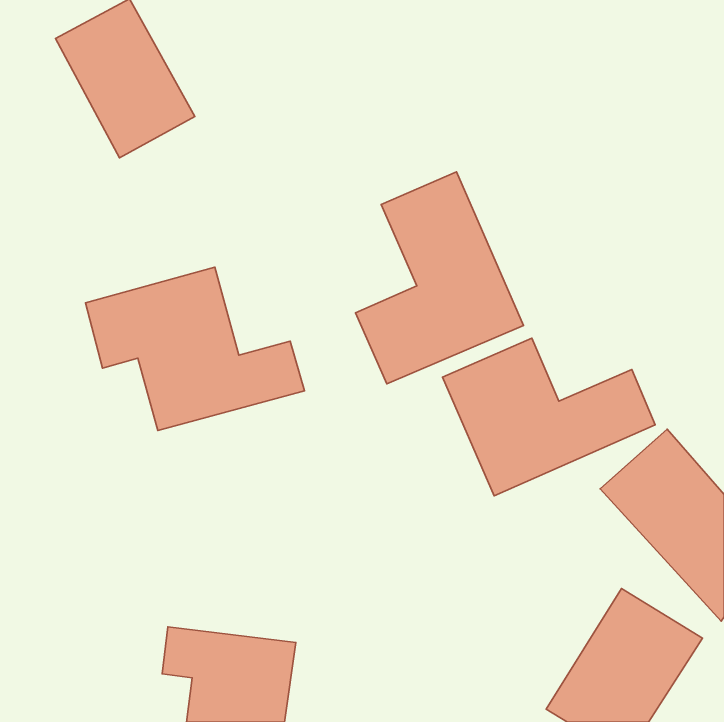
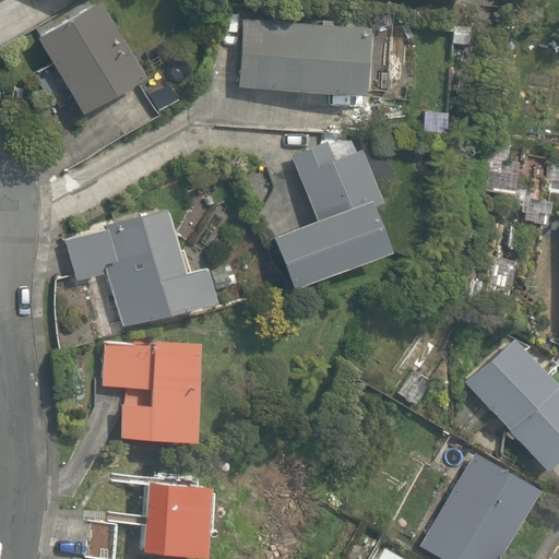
building: none -> [236,13,379,100]
building: [442,338,655,496] -> none
building: none -> [98,342,212,448]

